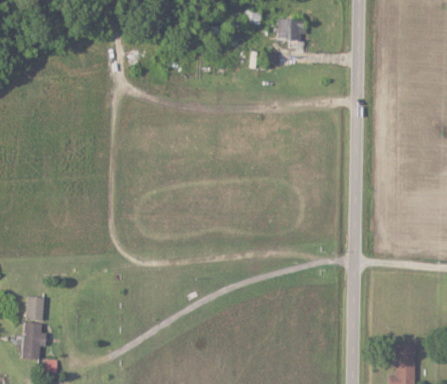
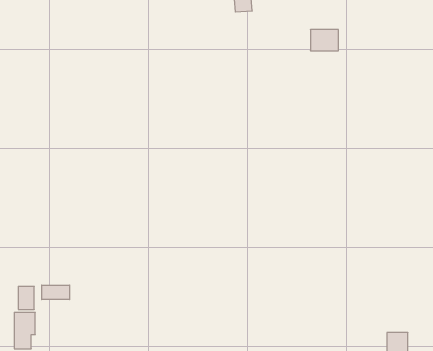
building: [277,19,305,40] -> [310,30,338,51]
building: none -> [42,285,70,300]

